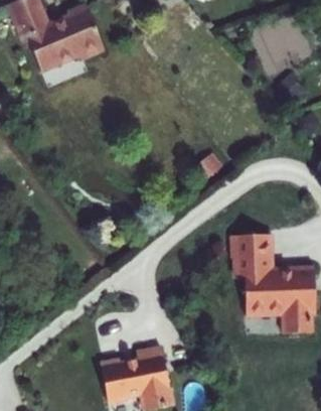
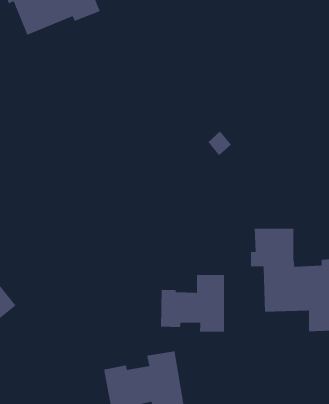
building: none -> [160,274,225,333]

